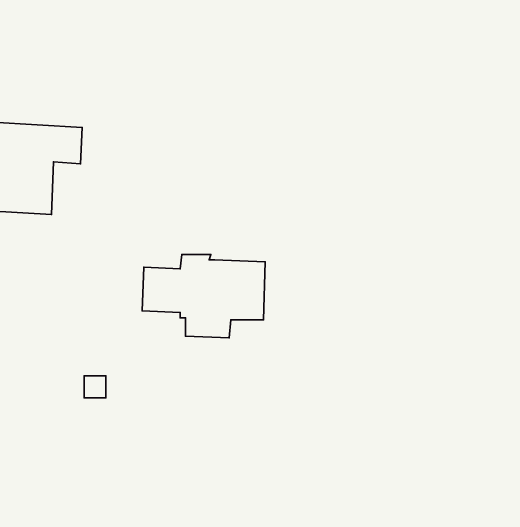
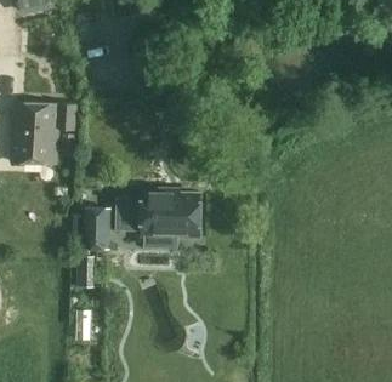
building: none -> [85,211,108,251]

